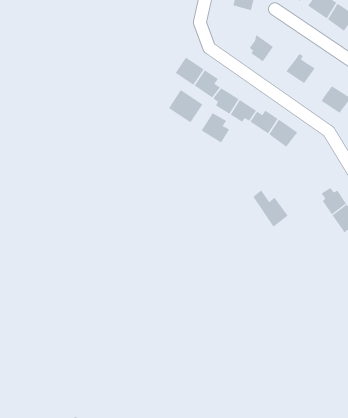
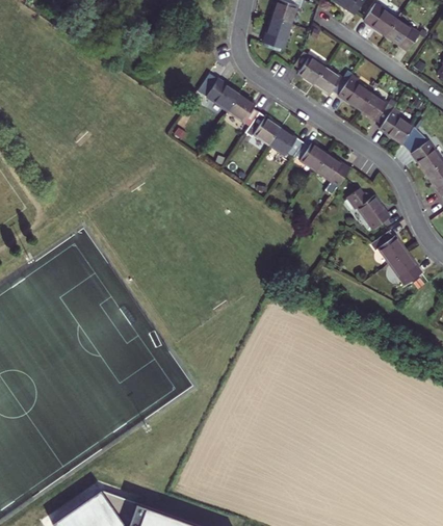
building: none -> [268,20,297,53]
building: none -> [311,68,346,96]
building: none -> [359,93,390,125]
building: [168,89,203,123] -> none
building: [201,112,230,144] -> none
building: [252,190,288,227] -> [348,186,390,230]

